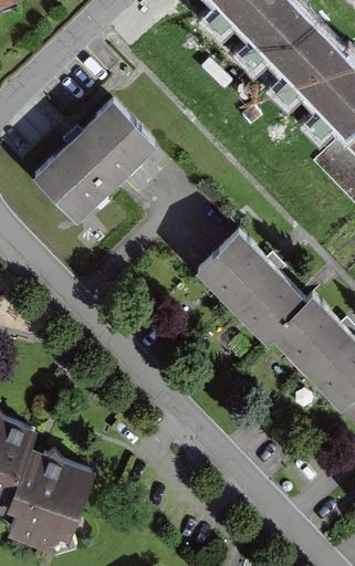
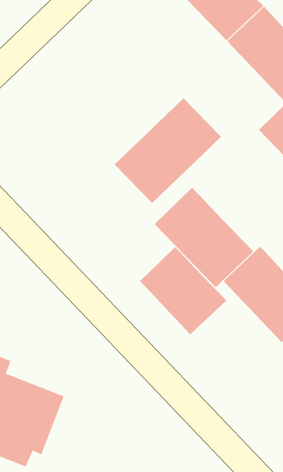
building: [32,104,154,223] -> [114,98,222,204]
building: none -> [139,246,227,335]

